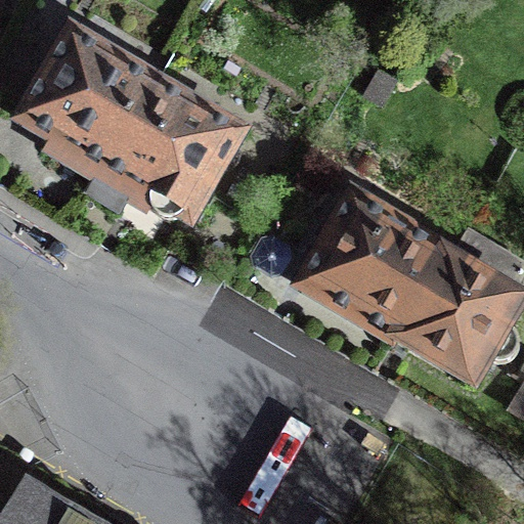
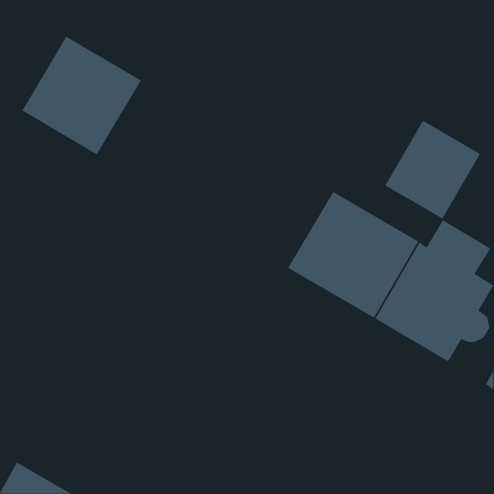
building: [86,85,234,218] -> none
building: none -> [384,120,481,219]

